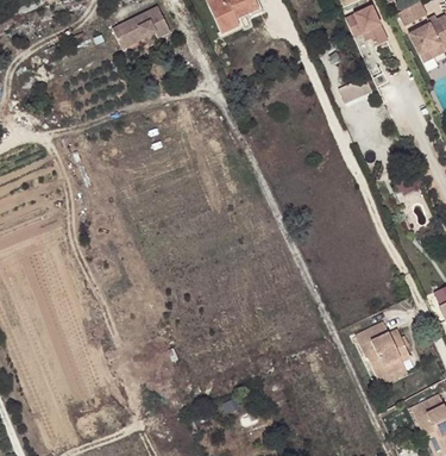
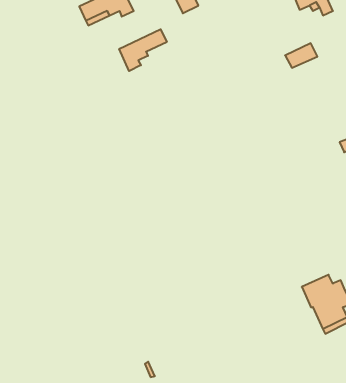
building: none -> [119,29,167,71]

